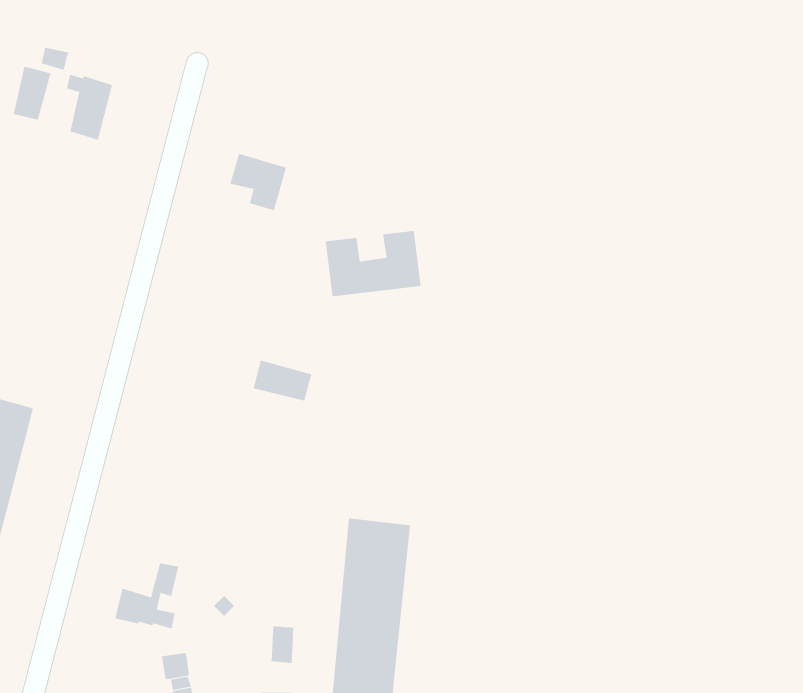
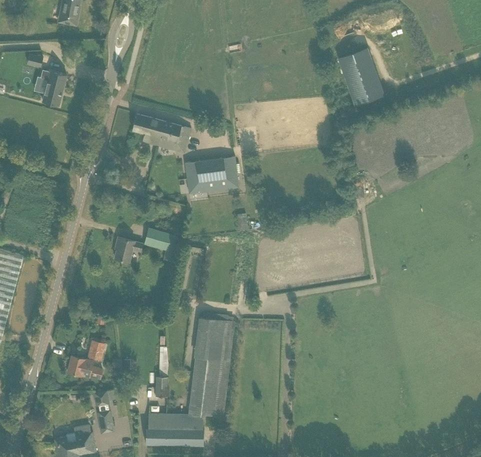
building: none -> [337,46,383,105]
building: [13,66,51,121] -> none
building: none -> [156,121,190,150]
building: none -> [114,236,141,261]

